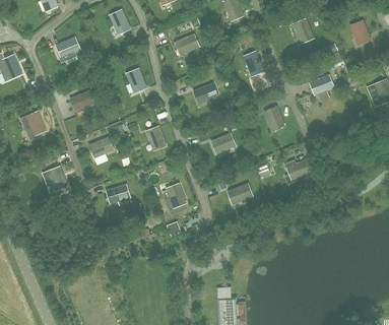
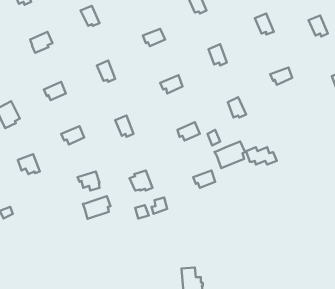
building: none -> [215,141,245,168]
building: none -> [83,196,110,219]

